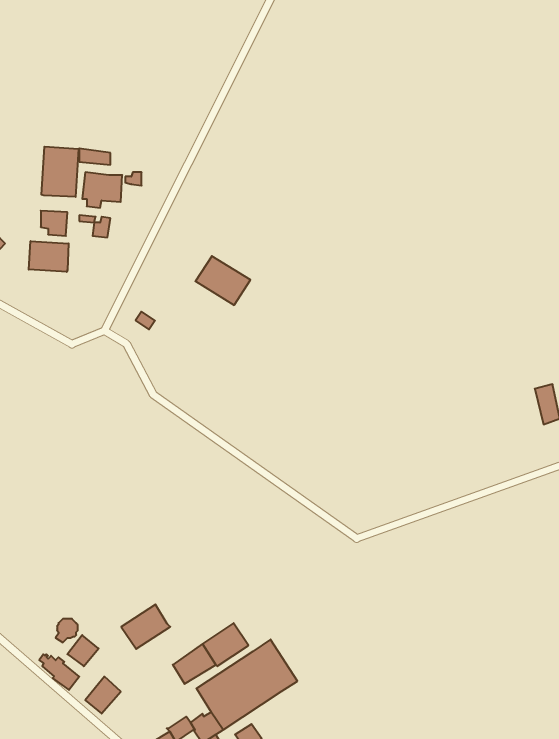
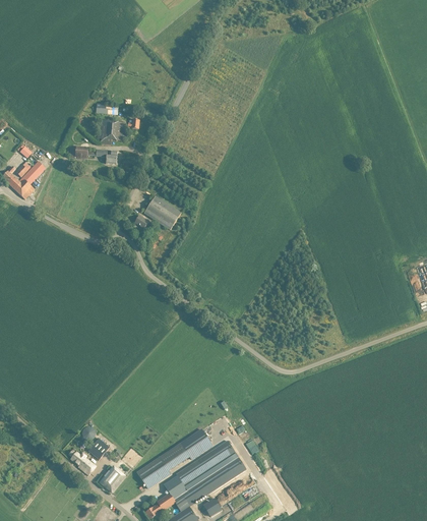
building: [41,147,79,197] -> none
building: [29,241,69,272] -> none
building: [195,256,250,305] -> [144,195,182,229]
building: [121,604,170,649] -> [137,457,171,487]

